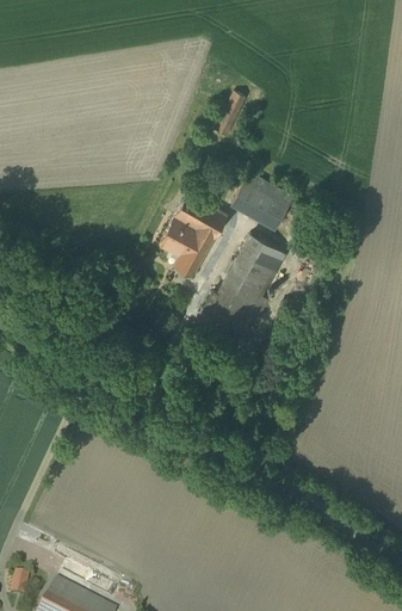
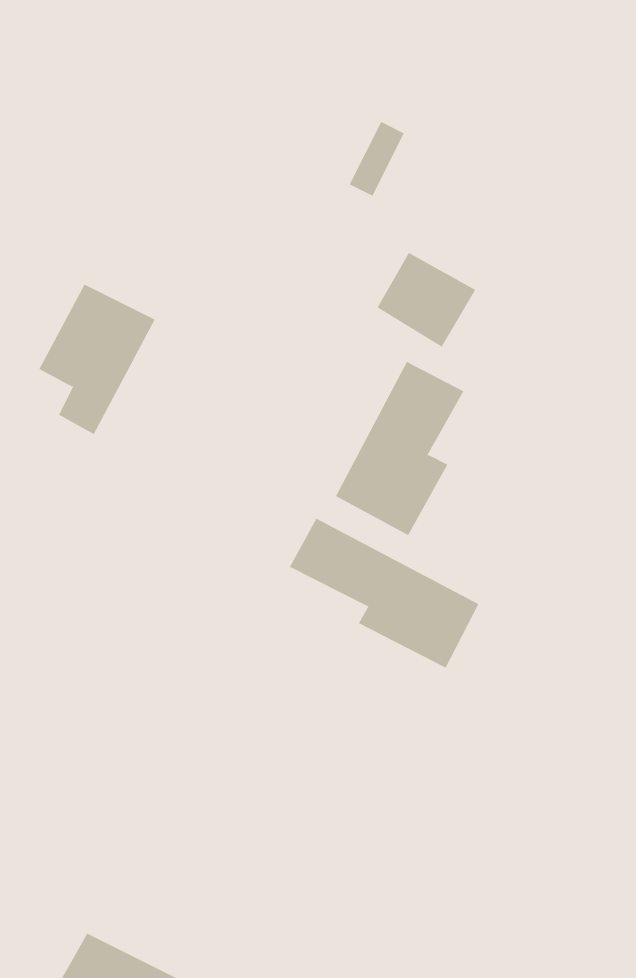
building: [157,191,228,282] -> [38,284,156,435]
building: none -> [289,518,479,668]

